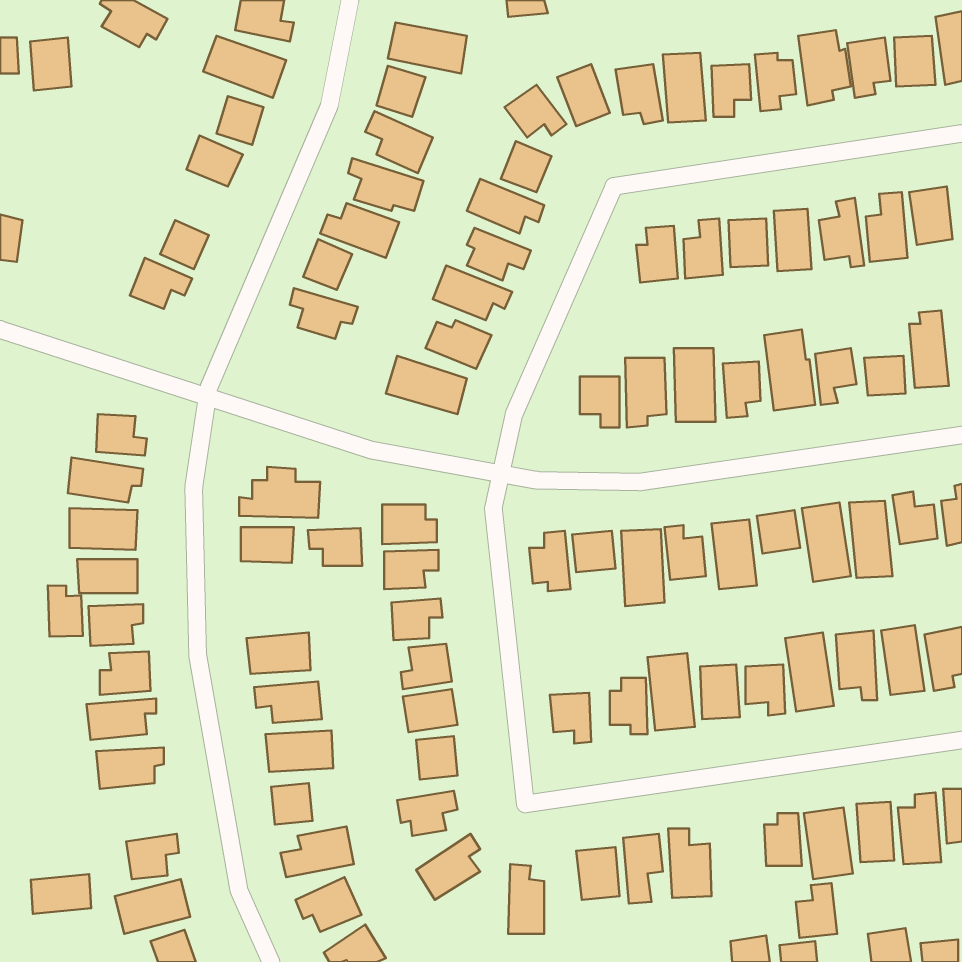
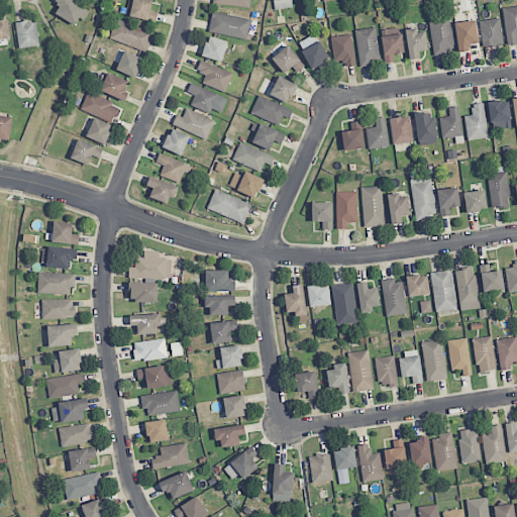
building: none -> [81,93,120,122]
building: none -> [146,177,176,205]
building: [308,528,362,566] -> [129,314,159,334]
building: [48,585,83,637] -> none
building: [31,874,91,914] -> [60,424,92,445]
building: [796,883,837,938] -> [384,439,406,469]

